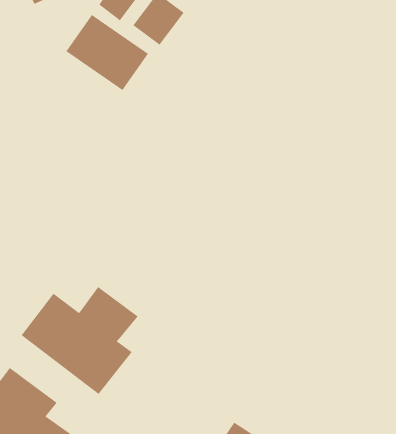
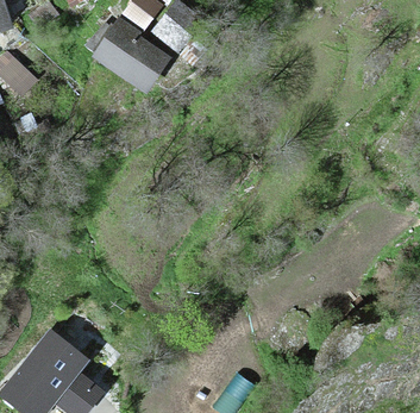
building: [21,286,138,395] -> none

